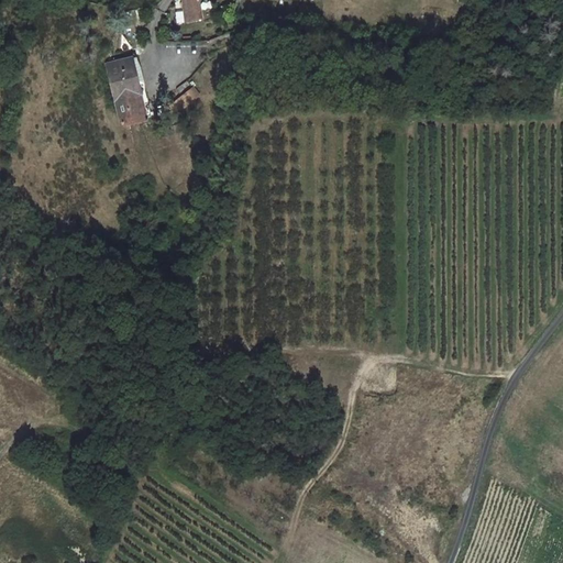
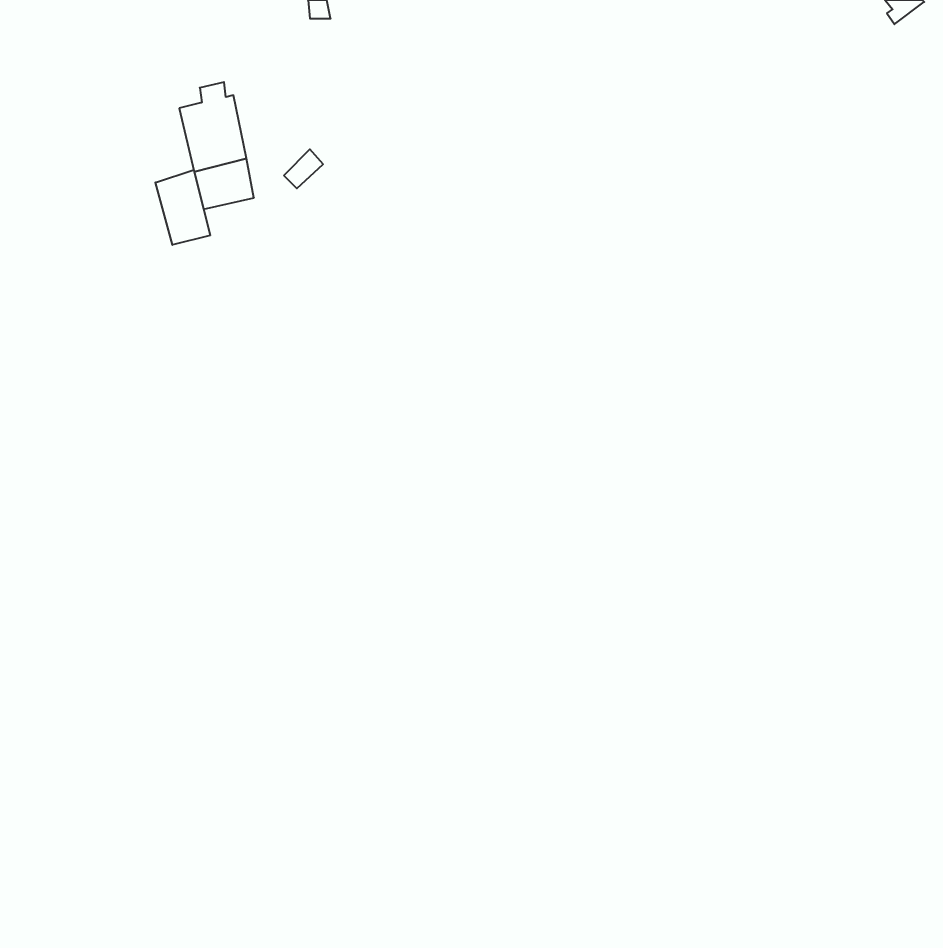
building: none -> [155,170,210,245]

